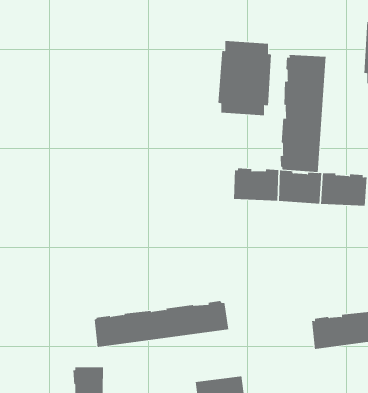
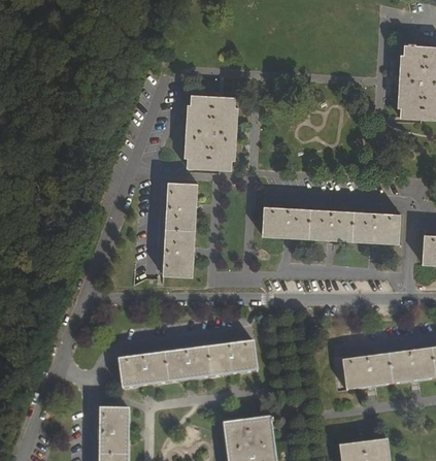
building: [218,41,272,116] -> [182,93,238,170]
building: [280,54,326,173] -> none
building: none -> [161,180,198,276]

